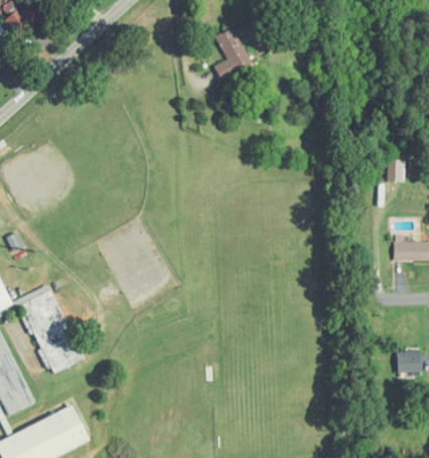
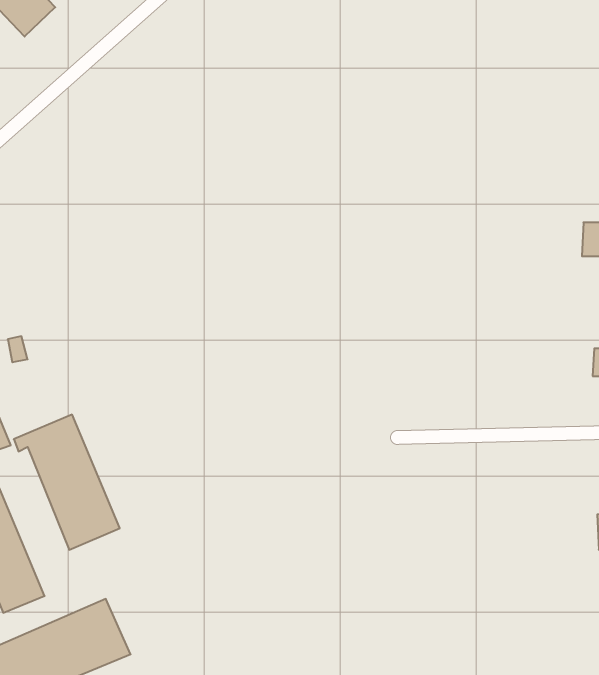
building: [215,27,252,79] -> none

